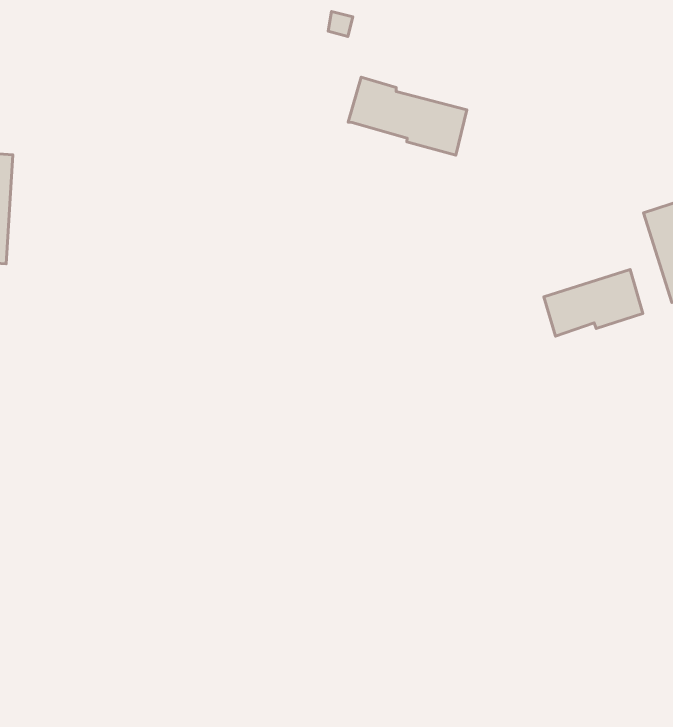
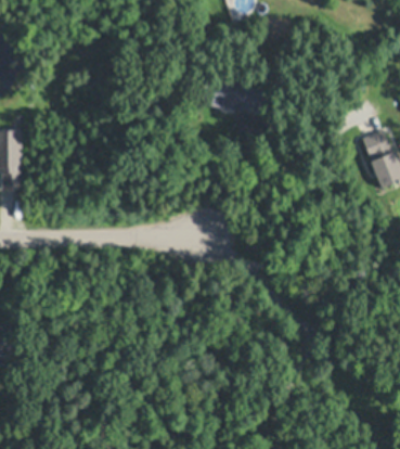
building: [544,270,643,336] -> none

